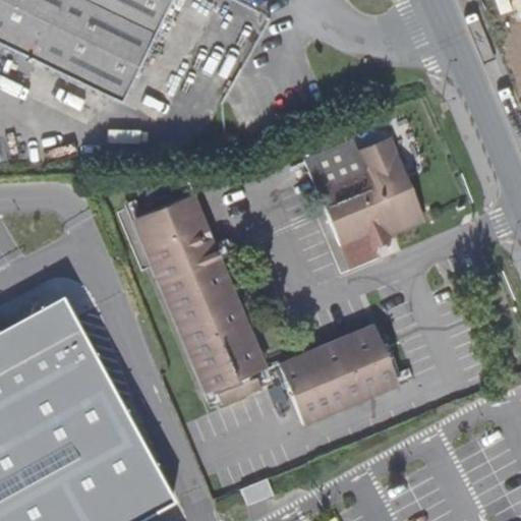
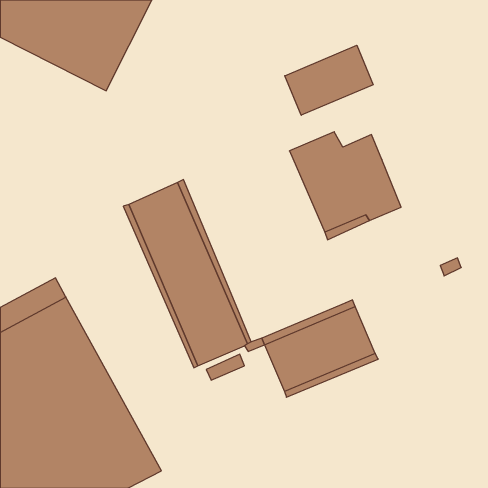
building: none -> [285,45,373,115]

